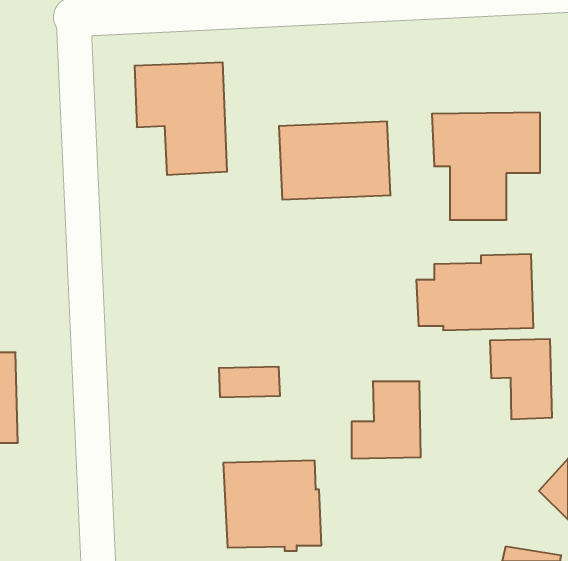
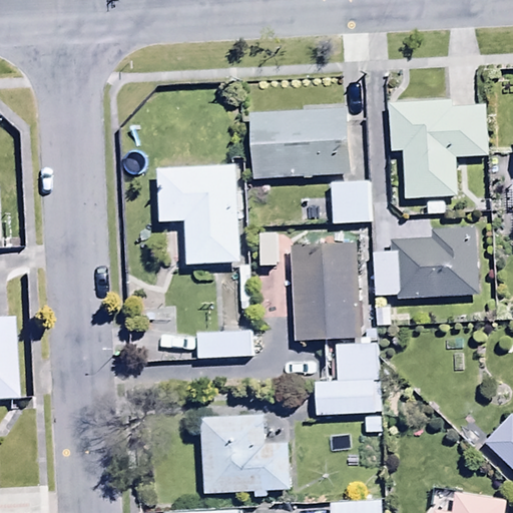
building: [135,62,227,175] -> [157,164,240,266]
building: none -> [332,179,371,223]
building: none -> [292,243,358,340]
building: [490,339,552,419] -> none

